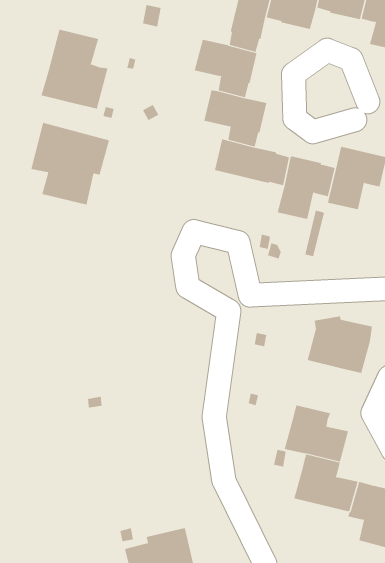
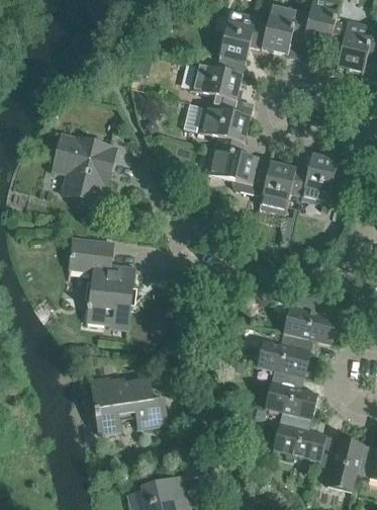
building: [41,29,108,109] -> none
building: none -> [69,237,135,330]
building: none -> [258,334,312,378]
building: none -> [91,376,168,435]

